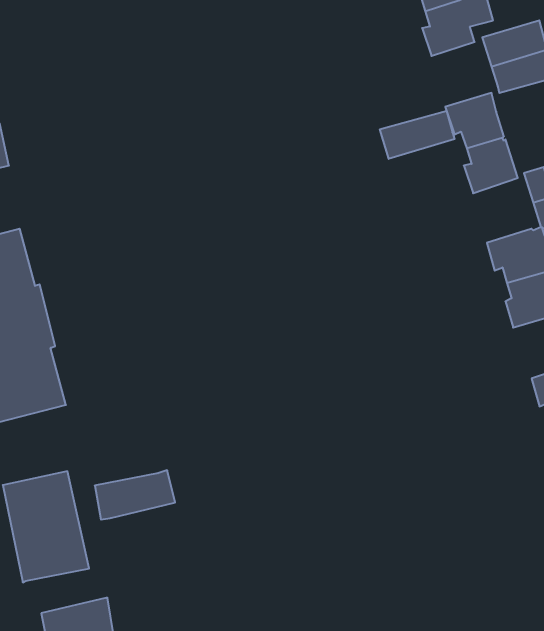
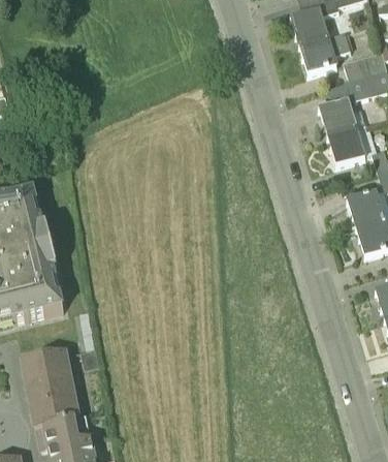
building: [380,111,455,159] -> none
building: [95,470,175,520] -> [37,413,91,446]

